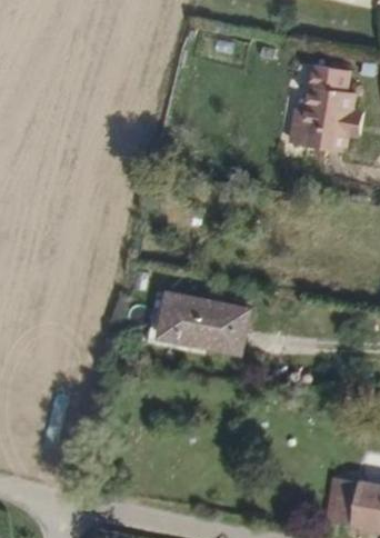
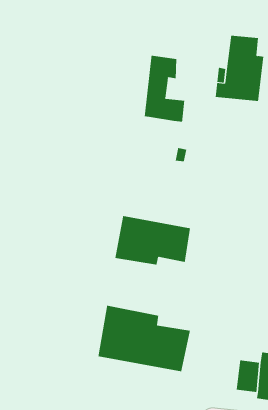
building: none -> [144,55,185,123]
building: none -> [98,305,190,372]

